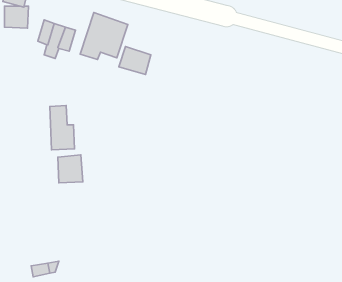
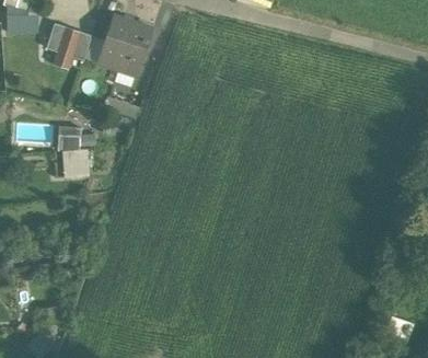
building: [119,47,151,75] -> none
building: [58,155,83,183] -> none

